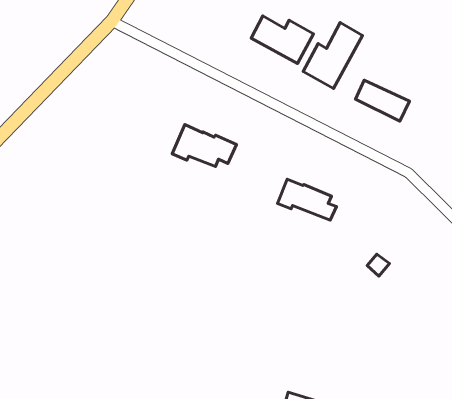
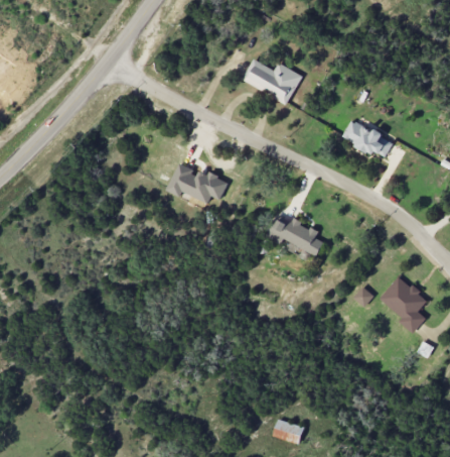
building: [303,23,363,88] -> none
building: none -> [380,276,428,334]

